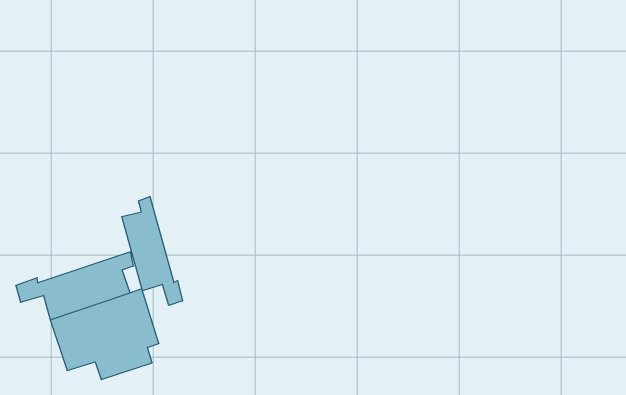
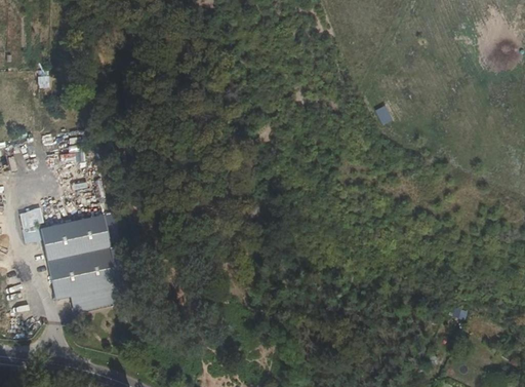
building: [122,196,183,305] -> none

